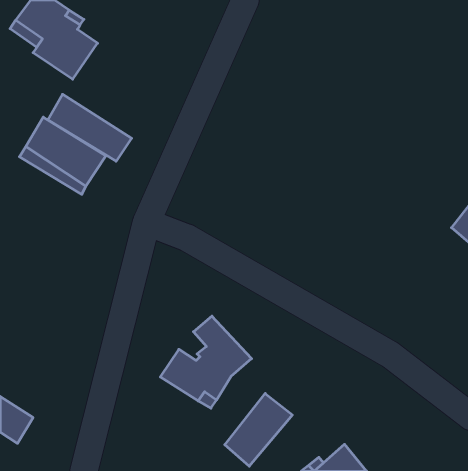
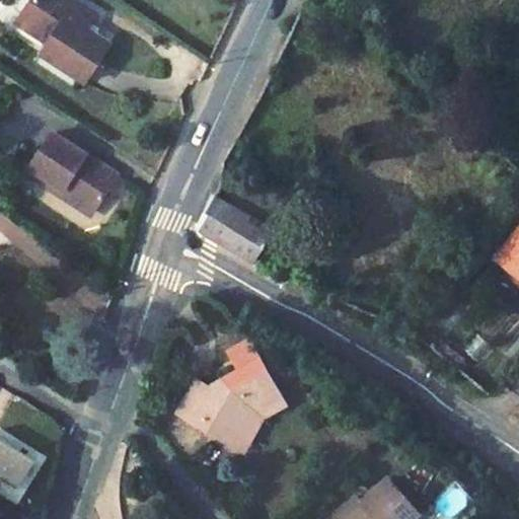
building: [48,94,132,161] -> none
building: none -> [205,197,274,261]
building: [225,393,292,466] -> none

